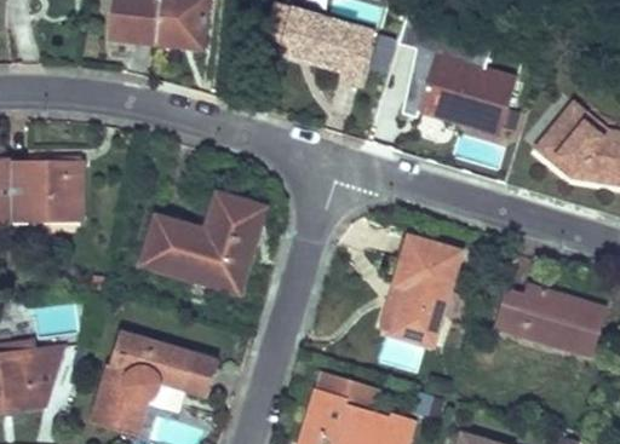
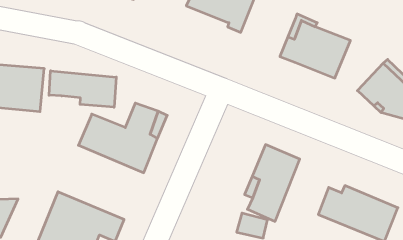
building: none -> [49,71,116,107]

